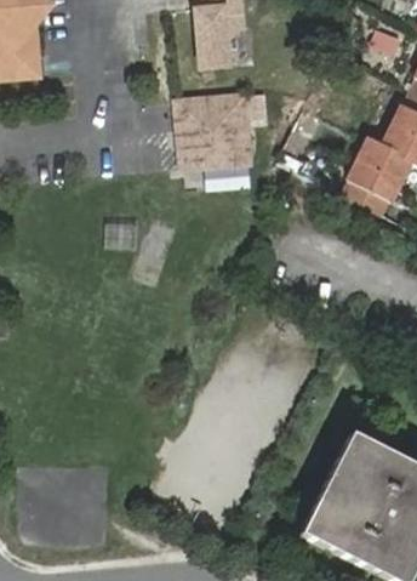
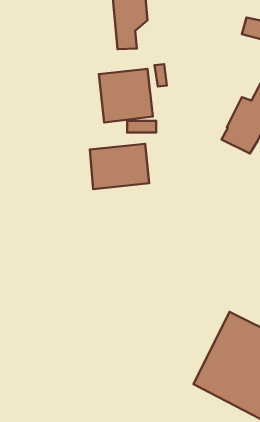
building: none -> [90,144,149,189]

